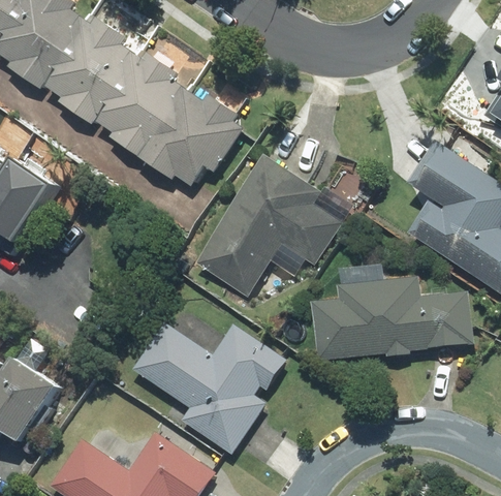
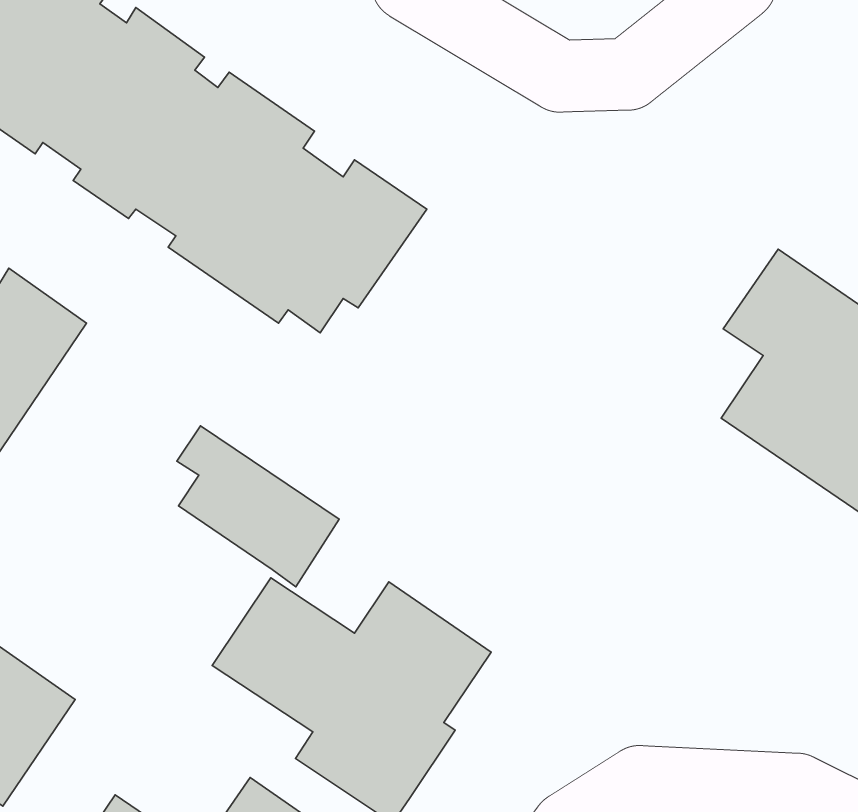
building: [193,152,338,296] -> none
building: none -> [177,426,339,587]
building: [313,274,469,358] -> none

